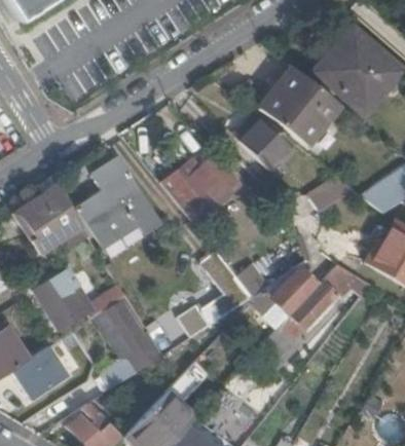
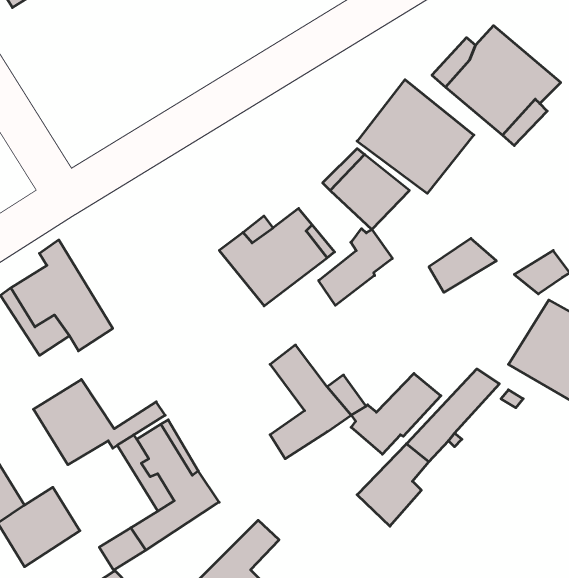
building: [78,158,159,246] -> none
building: none -> [319,229,392,305]

